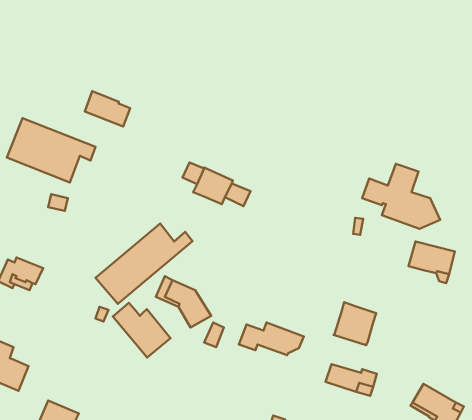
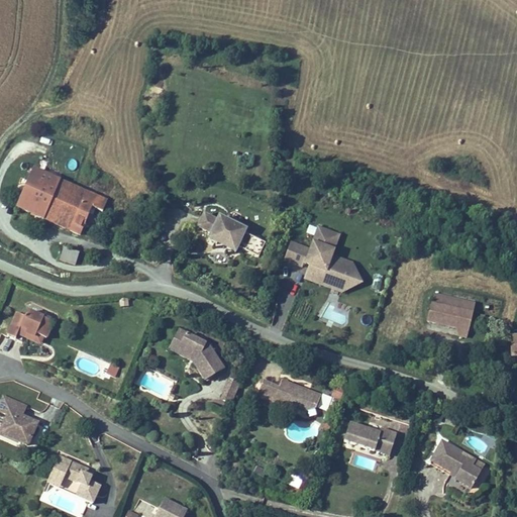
building: [85,91,130,126] -> none
building: [362,164,440,229] -> [284,225,364,292]
building: [95,224,193,304] -> none
building: [334,302,376,345] -> none
building: [113,303,171,358] -> none

